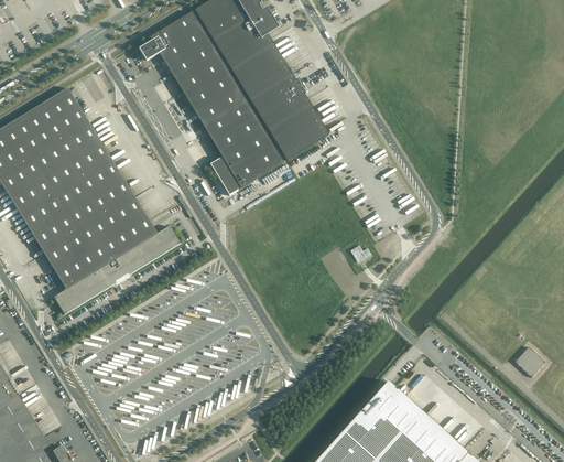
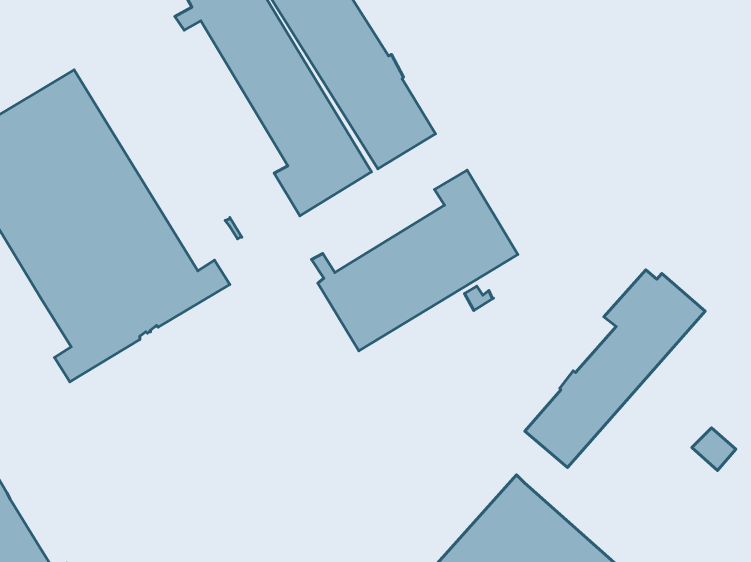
building: none -> [312,170,518,351]
building: none -> [525,270,705,467]

